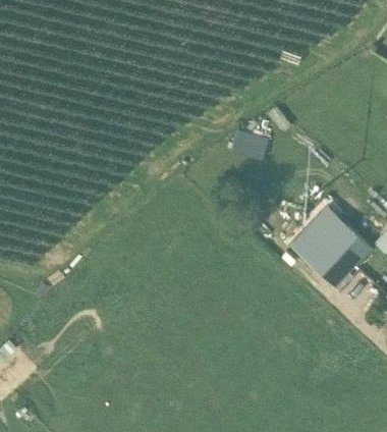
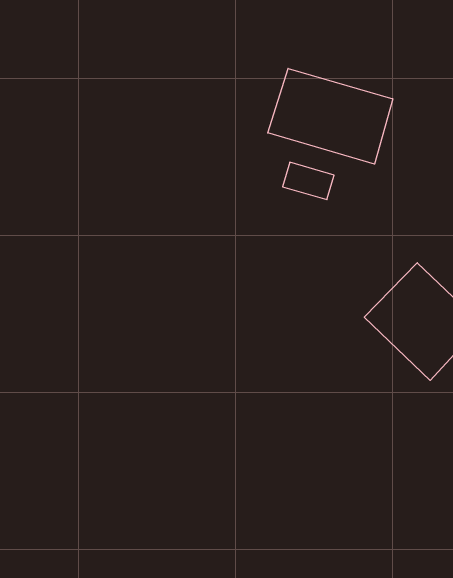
building: none -> [268,68,393,164]

